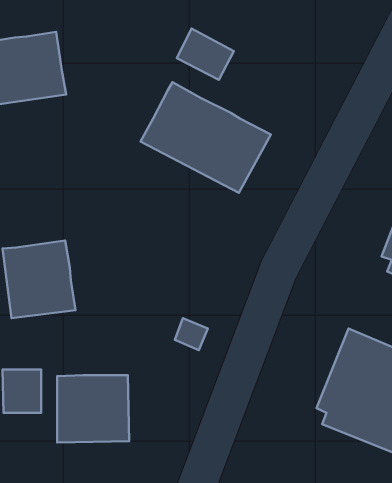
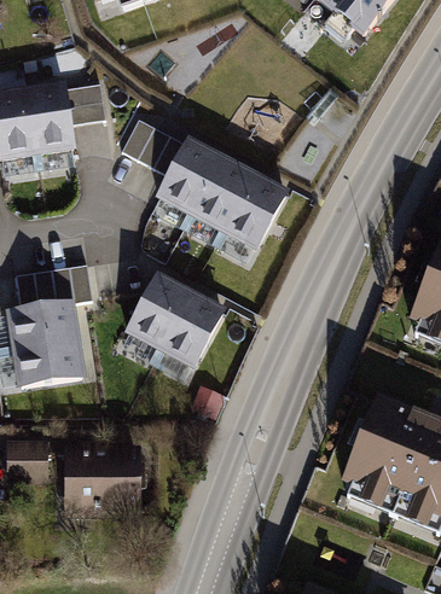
building: [177,28,234,80] -> [122,118,182,173]
building: none -> [65,83,104,122]
building: none -> [17,263,92,309]
building: none -> [124,270,227,369]

